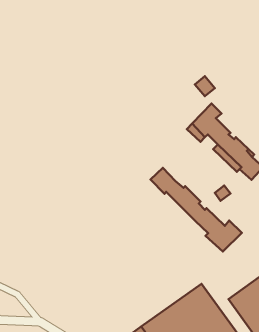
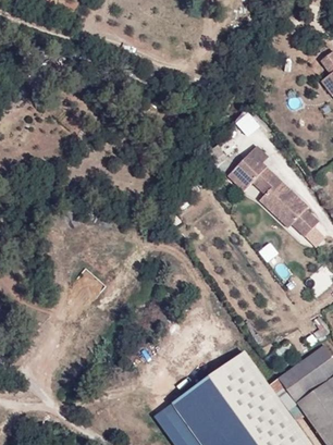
building: [150,168,242,252] -> none

